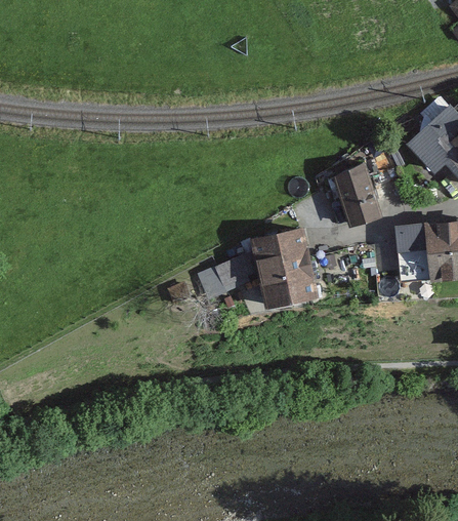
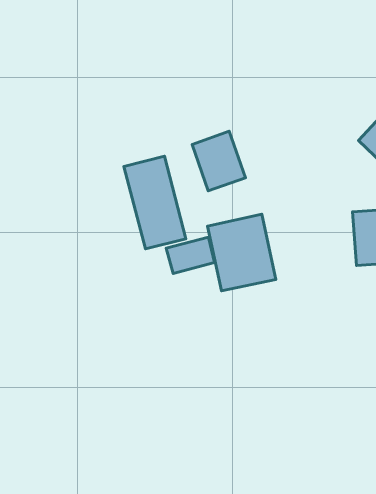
building: [329,165,383,226] -> [192,131,245,191]
building: none -> [124,156,186,249]

